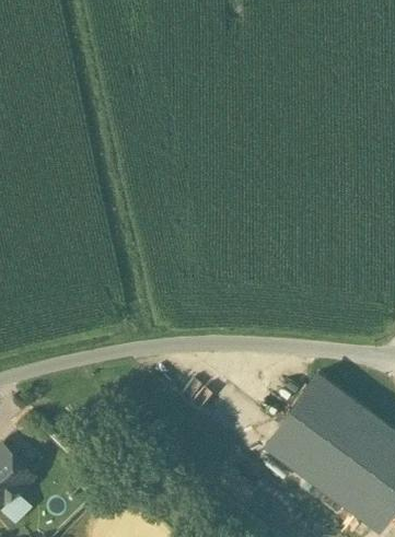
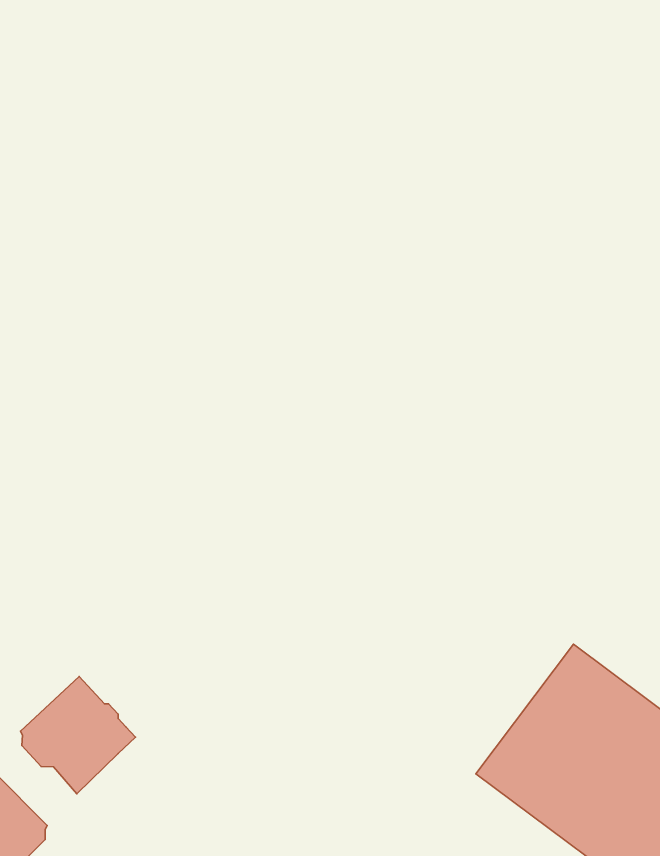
building: none -> [21,677,136,794]

